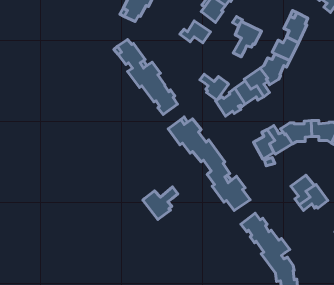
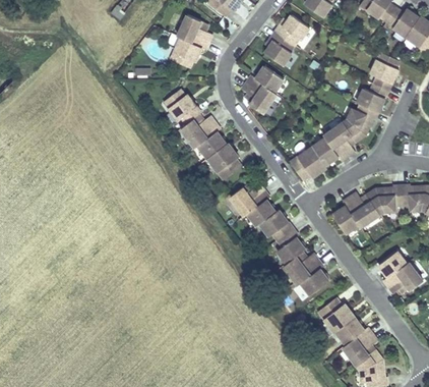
building: [233,22,262,57] -> none
building: [200,74,229,100] -> [238,81,272,113]
building: [143,187,178,219] -> none

